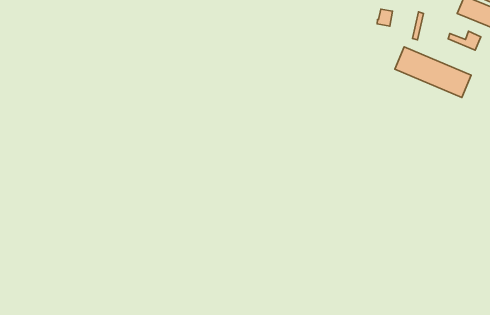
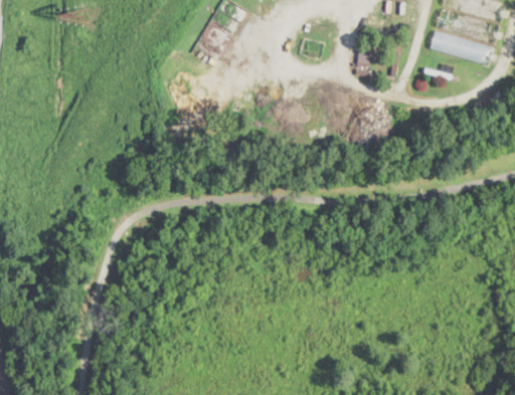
building: [395,47,471,97] -> none

